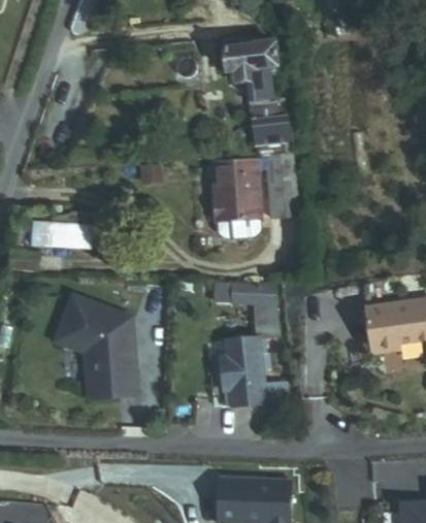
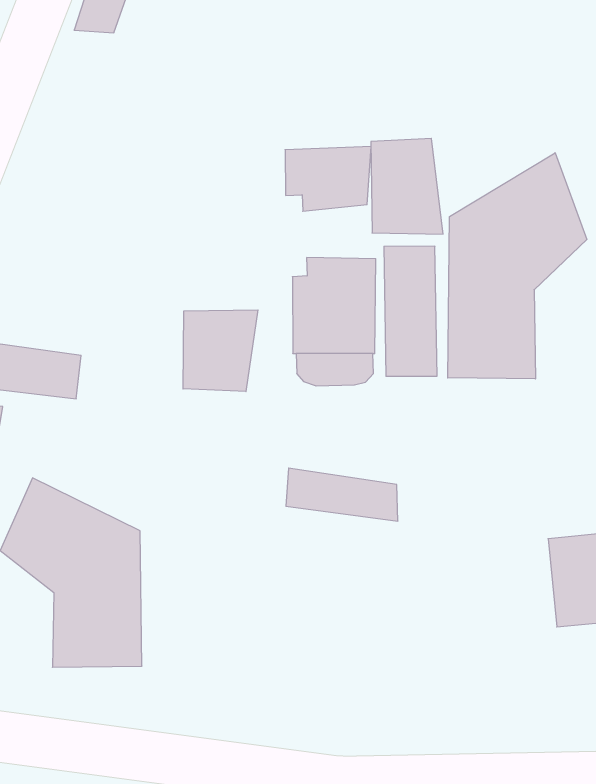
building: [224,40,272,79] -> [285,146,371,211]
building: none -> [448,153,587,379]
building: none -> [183,310,258,392]
building: [226,333,271,406] -> none

